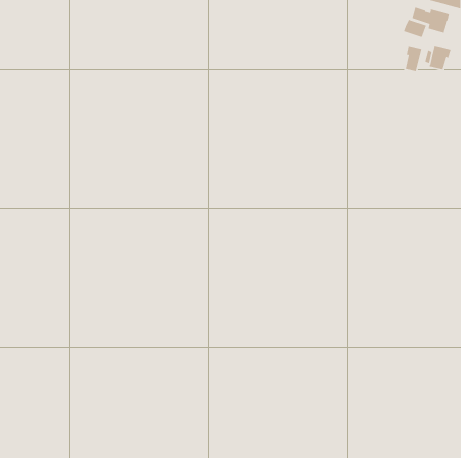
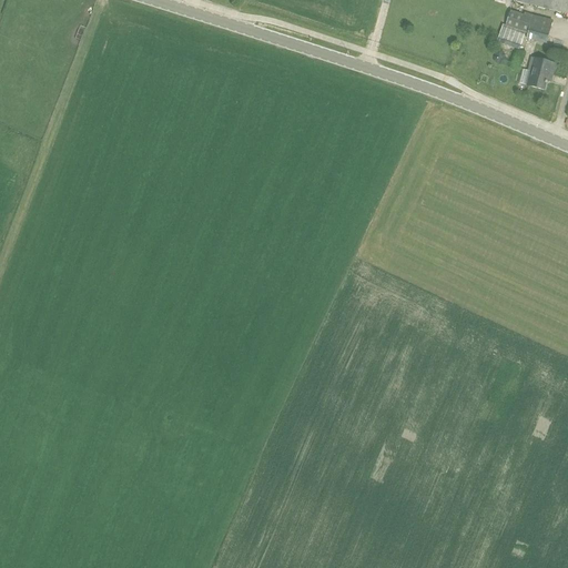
building: [405,45,422,72] -> none

